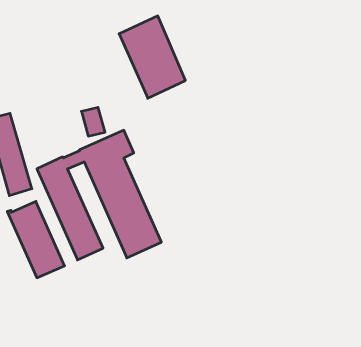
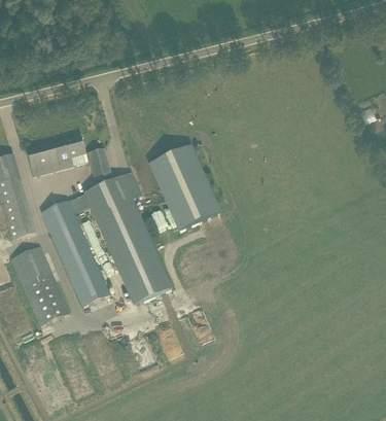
building: [119,16,185,98] -> [149,144,218,230]
building: none -> [26,135,86,175]

